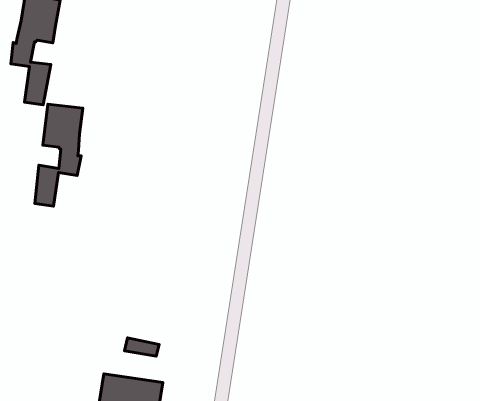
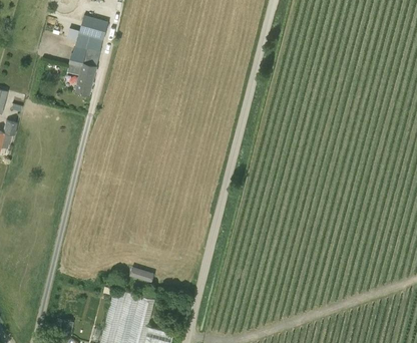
building: [35,104,83,206] -> none

